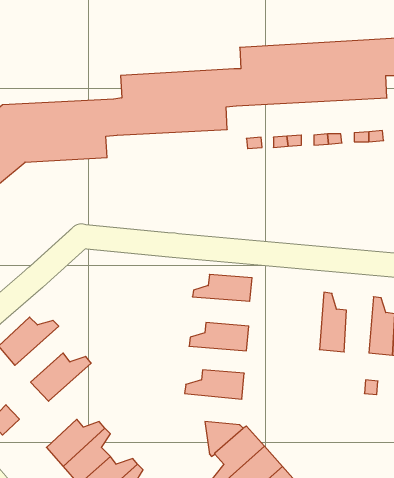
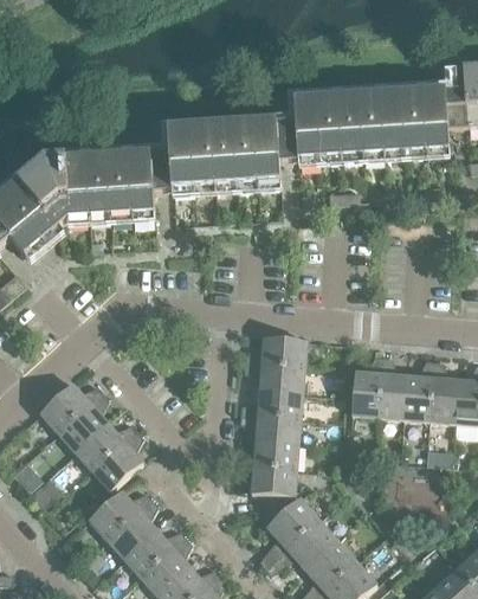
building: none -> [351,355,382,416]
building: none -> [403,359,434,419]
building: none -> [244,360,304,391]
building: none -> [57,391,108,450]
building: none -> [239,412,301,440]
building: none -> [92,430,143,489]
building: none -> [234,462,296,495]

